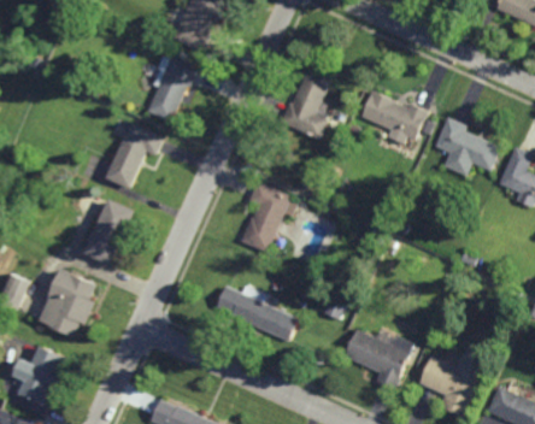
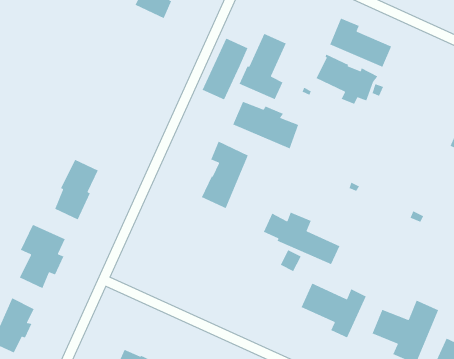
building: [145,55,194,122] -> [202,37,249,100]
building: [433,118,499,171] -> [329,17,392,68]
building: [104,123,163,189] -> none
building: none -> [232,101,299,149]
building: [216,284,298,341] -> [263,211,341,265]

